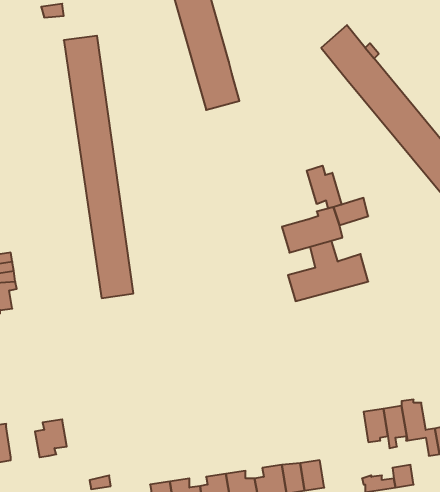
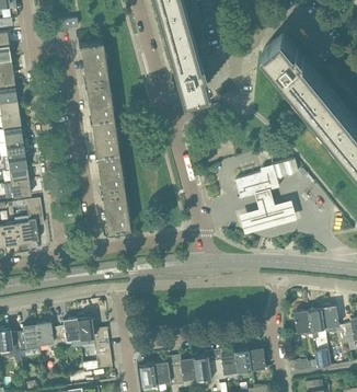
building: [307,166,342,208] -> none
building: none -> [77,314,107,346]
building: none -> [36,322,60,347]

